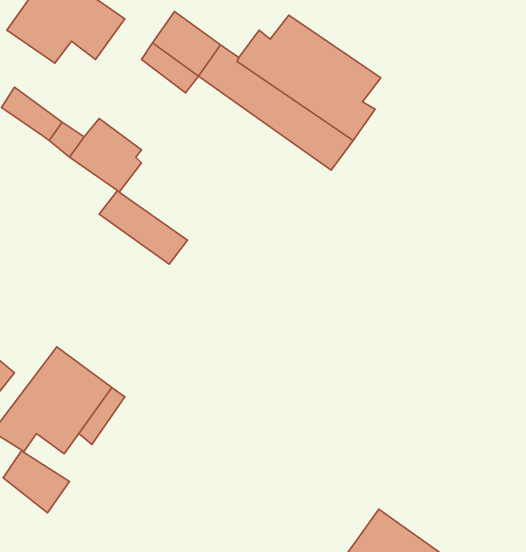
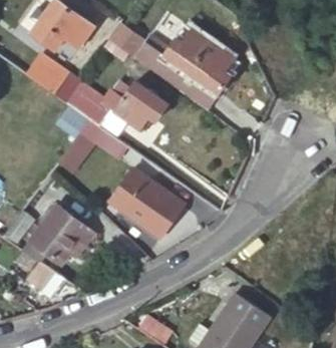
building: none -> [100,80,169,128]
building: none -> [109,168,186,239]

